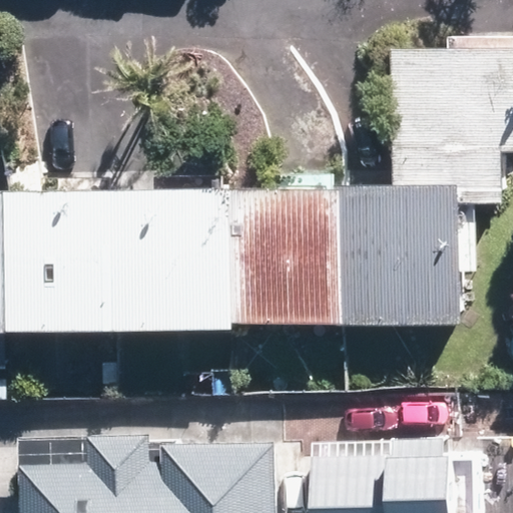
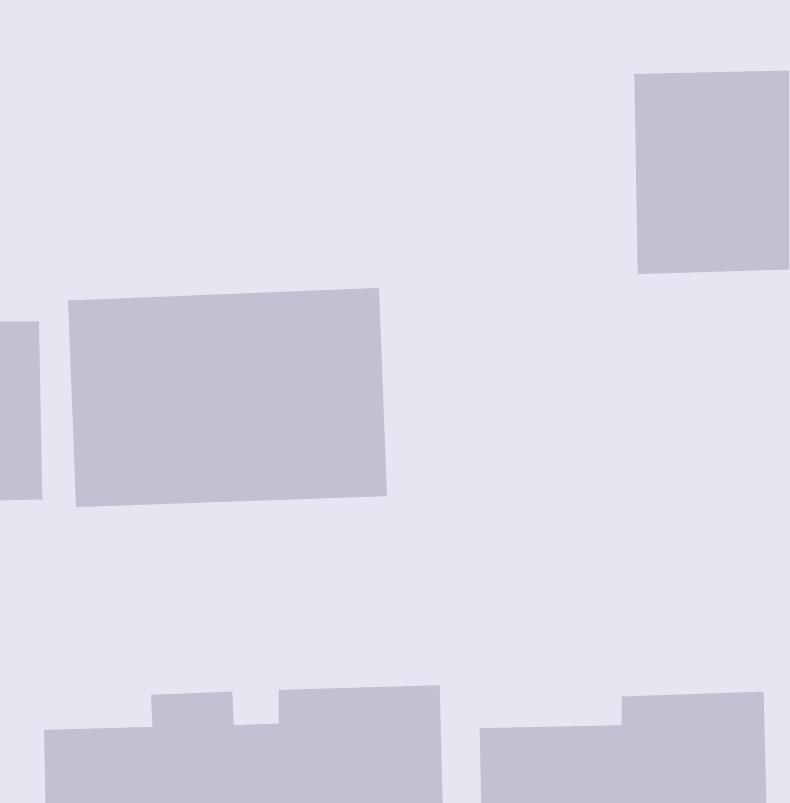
building: [370,186,470,321] -> none
building: [254,193,358,322] -> none

